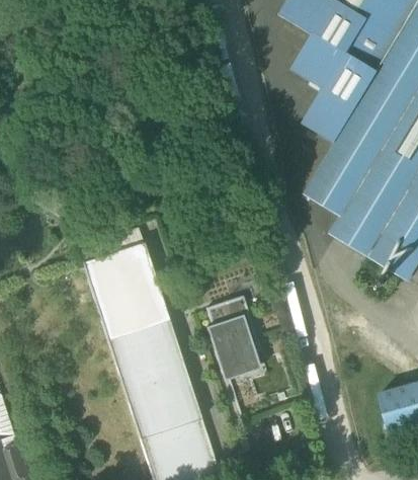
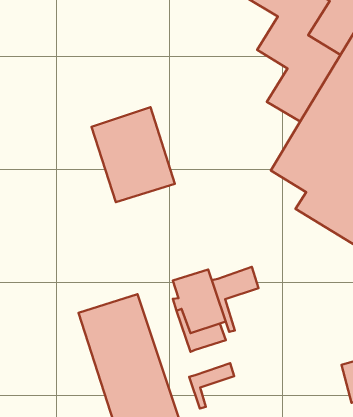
building: [81,238,167,336] -> [91,107,175,202]
building: none -> [212,267,259,332]
building: none -> [189,363,234,409]

